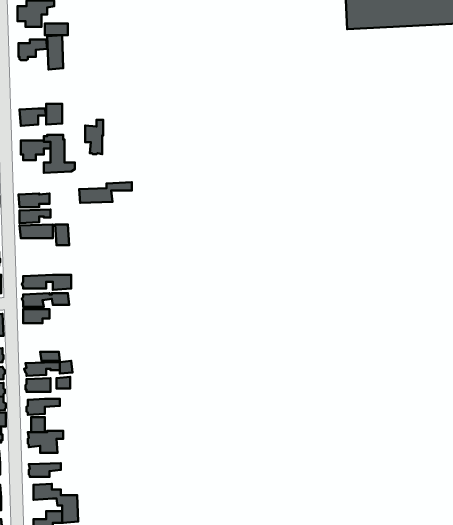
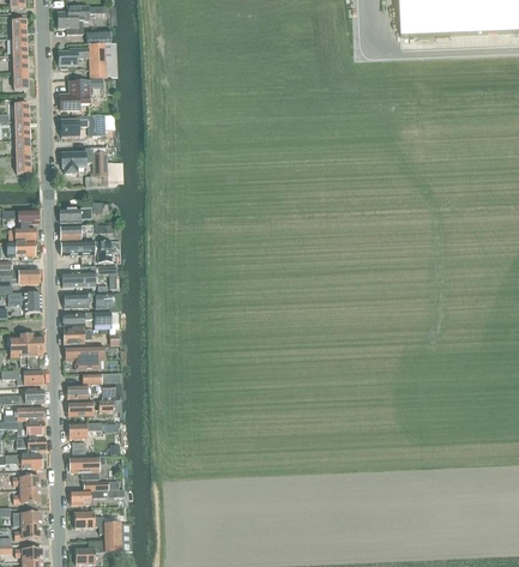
building: none -> [60,80,89,110]
building: [85,120,103,154] -> none
building: [79,182,132,203] -> [61,265,116,286]
building: none -> [64,345,103,369]

